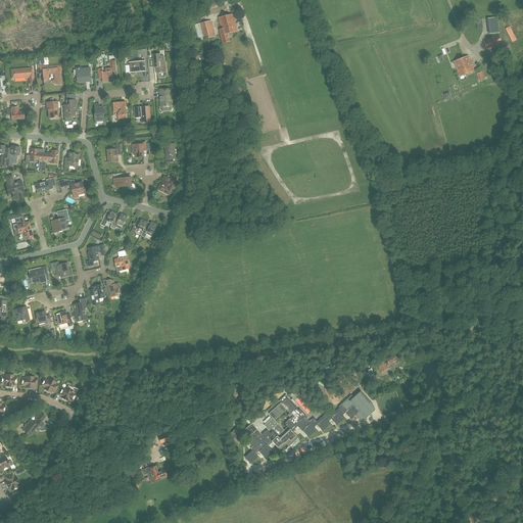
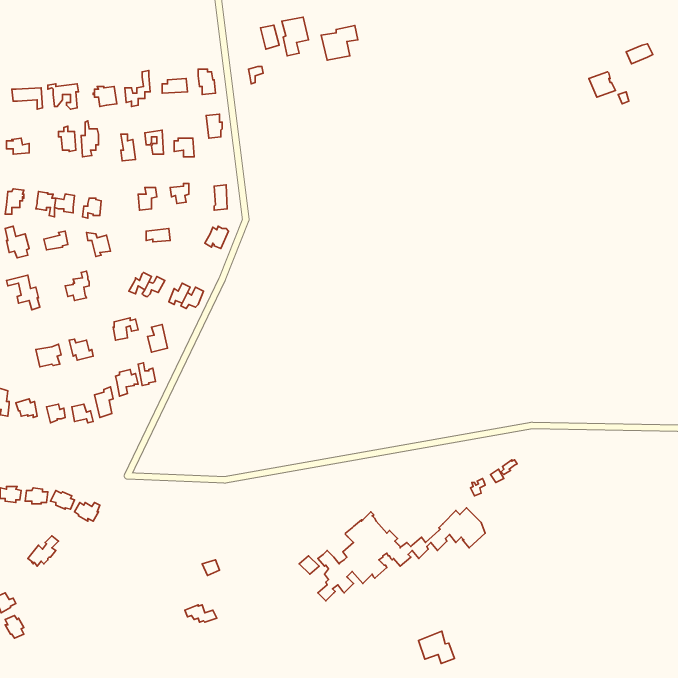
building: none -> [321,25,358,60]
building: none -> [418,631,454,663]

